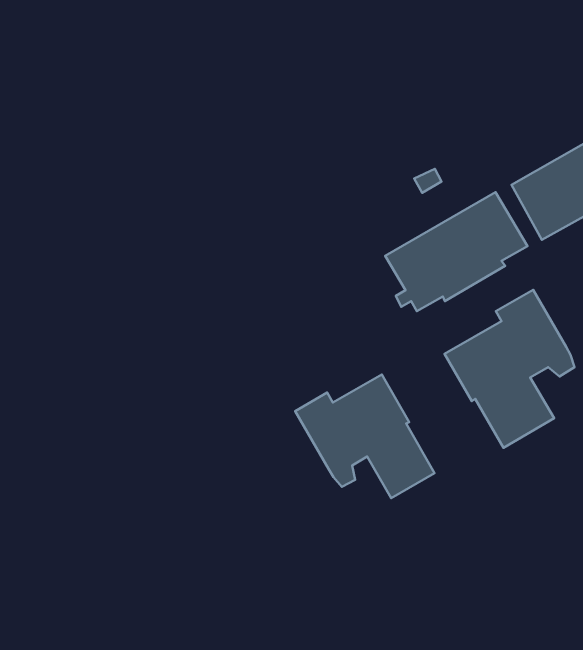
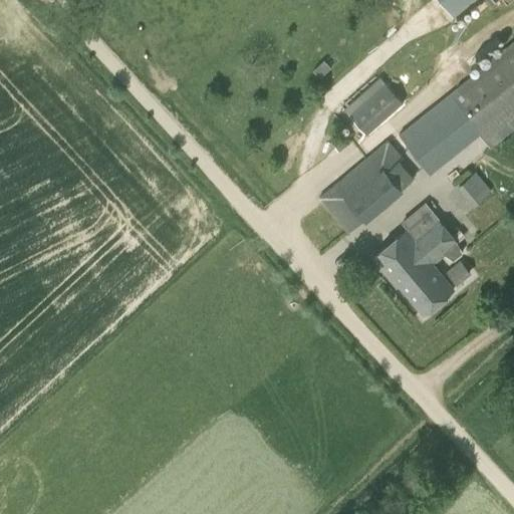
building: none -> [349,84,407,140]
building: [295,374,435,498] -> none

